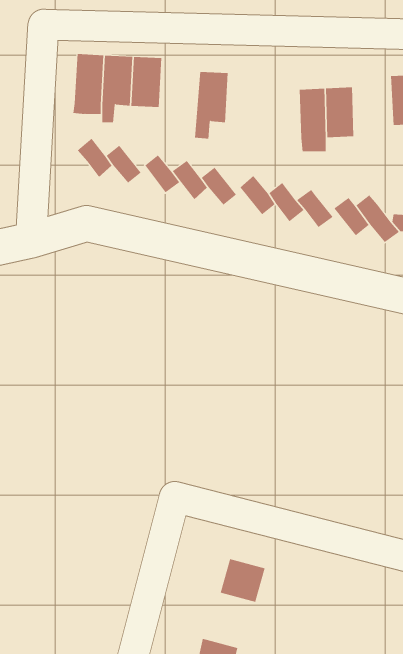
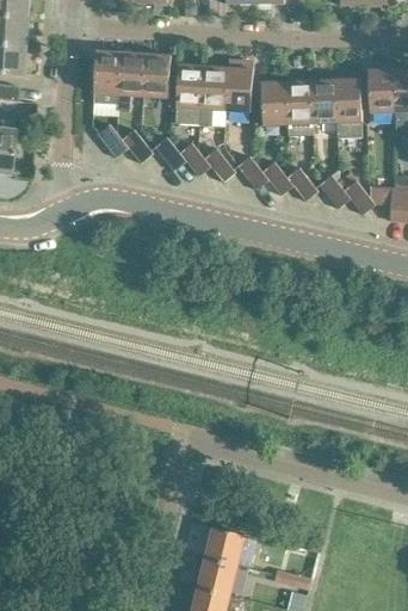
building: none -> [225,60,253,111]
building: none -> [175,64,203,123]
building: none -> [335,78,361,137]
building: none -> [261,81,290,124]
building: [220,558,265,603] -> [205,525,245,563]

